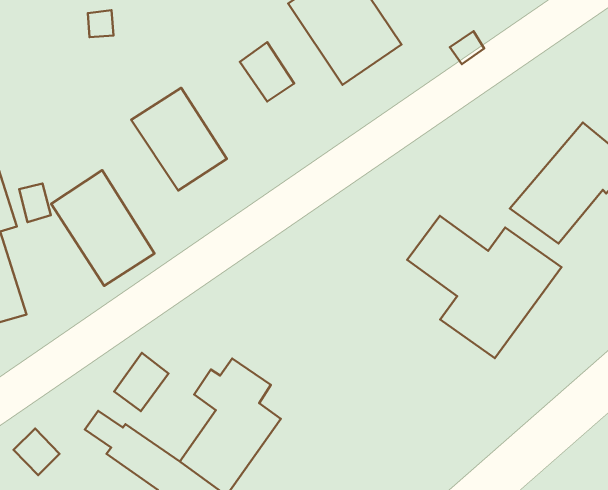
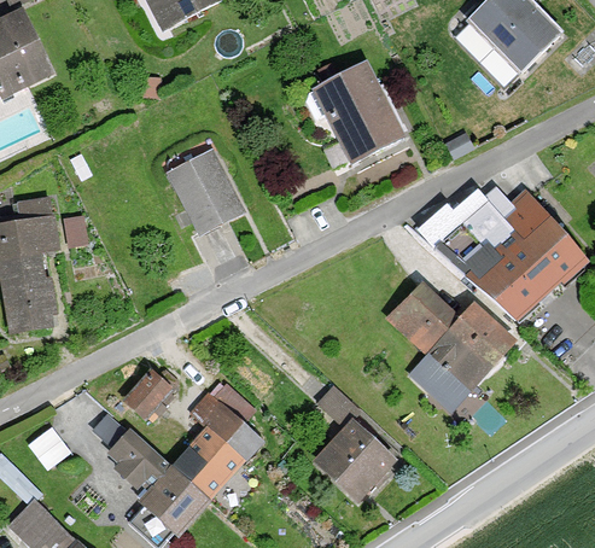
building: [240,42,294,101] -> none
building: none -> [419,186,550,286]
building: [51,170,155,286] -> none
building: none -> [314,386,396,501]

